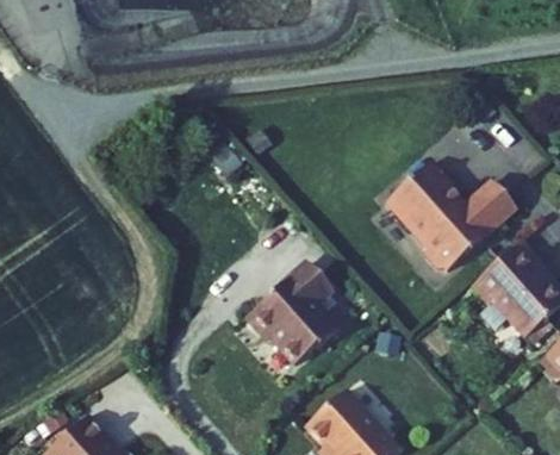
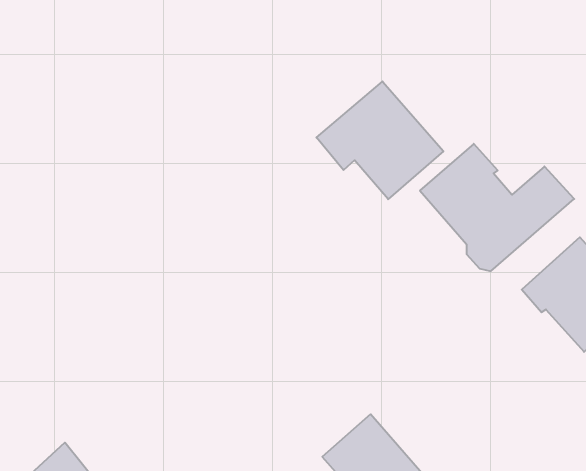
building: none -> [316,81,443,199]
building: [247,262,337,363] -> none

